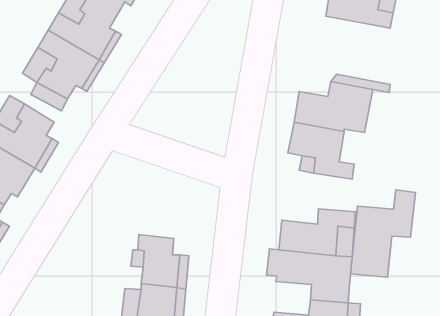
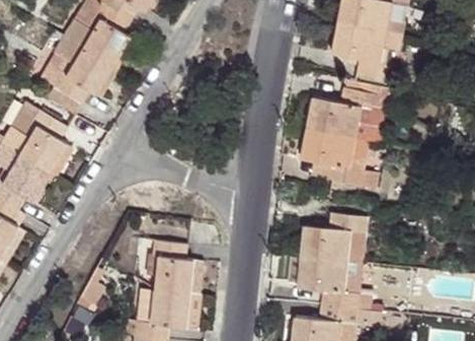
building: none -> [332,22,402,81]
building: [351,190,415,277] -> none

